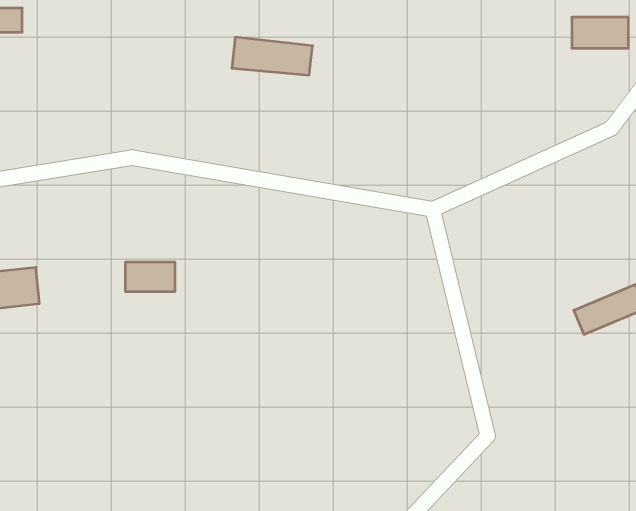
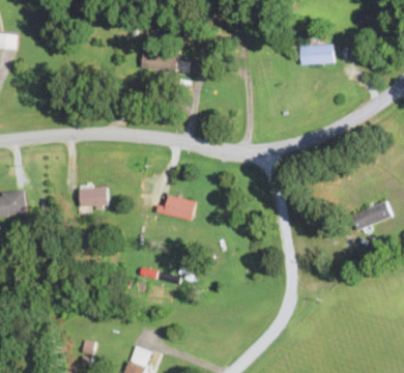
building: [572,17,628,48] -> [299,46,334,64]
building: none -> [161,194,195,221]

